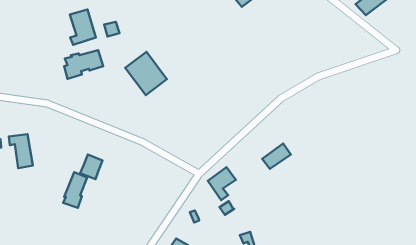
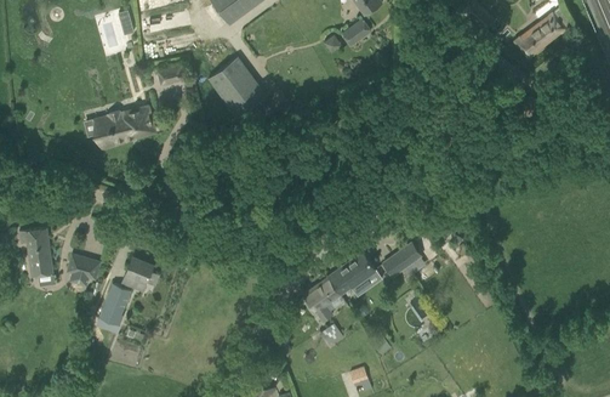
building: [70,10,96,45] -> none
building: [125,52,167,95] -> [207,56,267,118]
building: none -> [330,251,375,293]
building: none -> [68,254,99,284]

